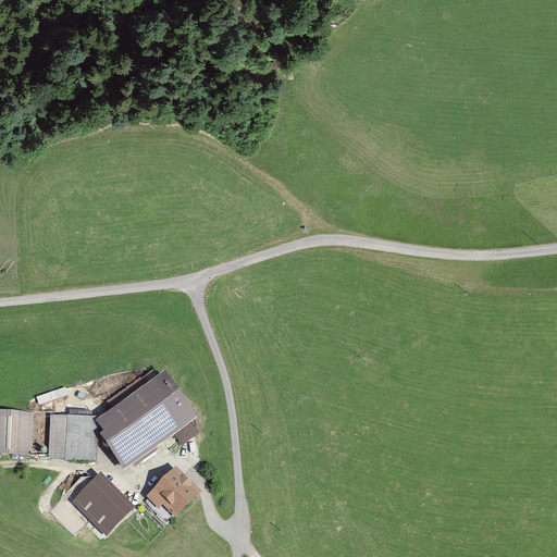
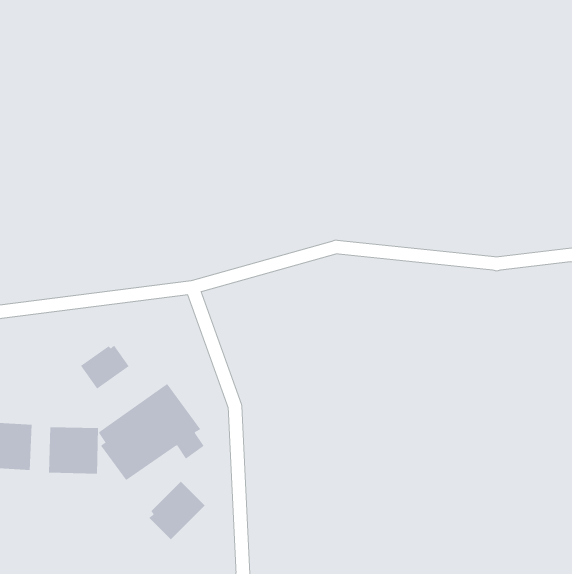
building: none -> [80,345,130,389]
building: [73,474,133,534] -> none

